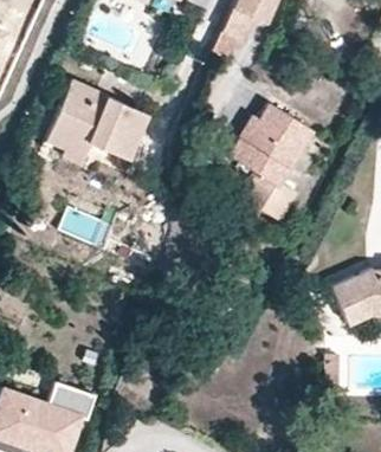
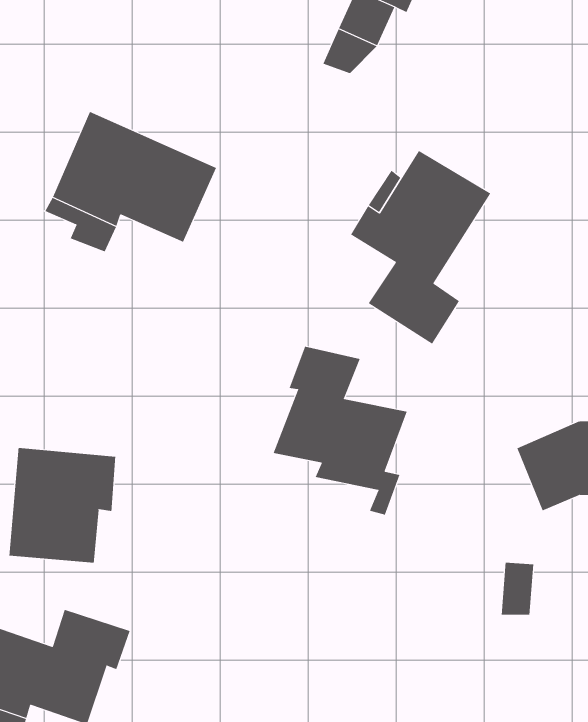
building: none -> [273,346,407,515]
building: none -> [9,447,116,563]

